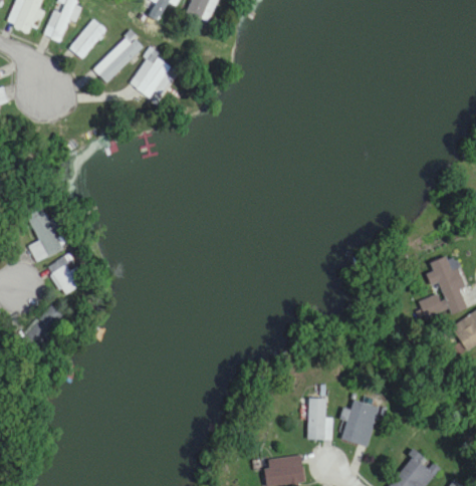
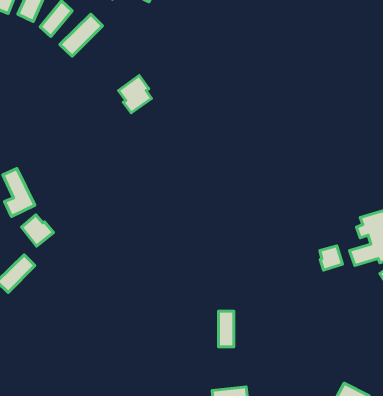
building: [129,56,166,98] -> [119,75,152,113]
building: none -> [320,246,342,270]
building: [308,399,325,439] -> [219,311,234,347]
building: [342,400,380,446] -> none

